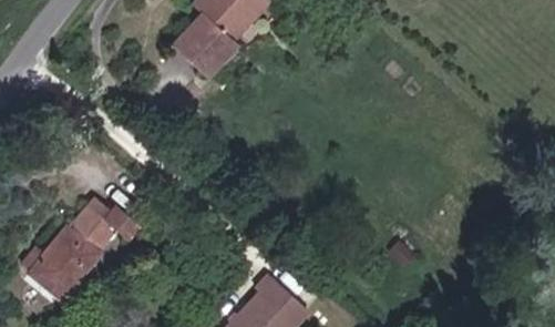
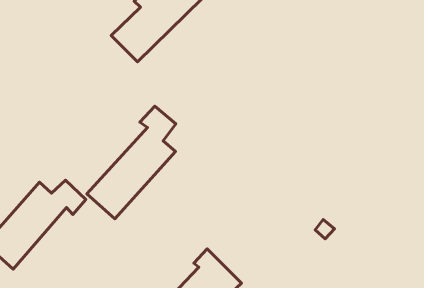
building: none -> [87,106,176,219]

